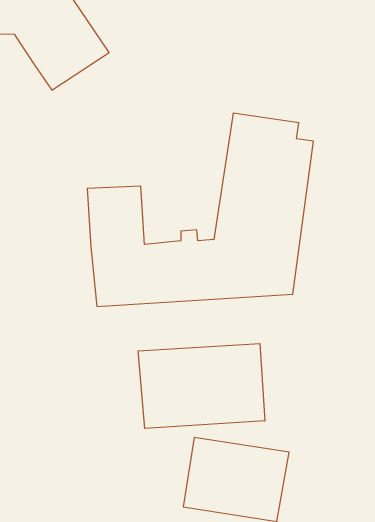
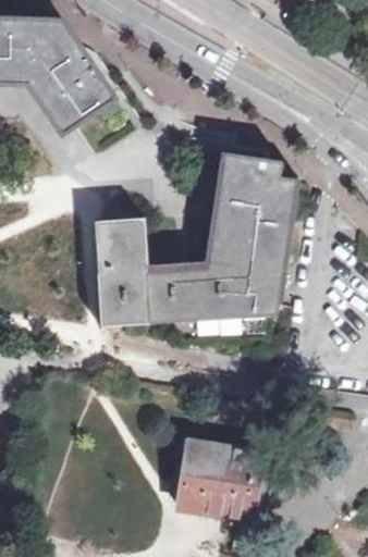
building: [138,344,265,428] -> none

